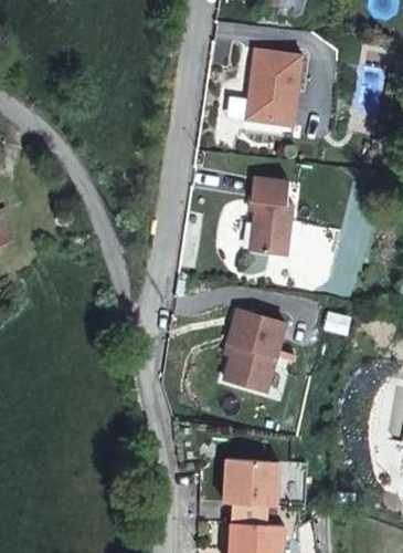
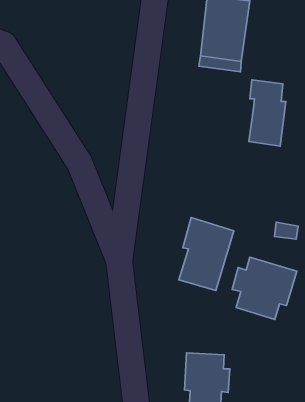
building: [248,174,291,251] -> [249,80,286,146]
building: none -> [232,257,297,320]

